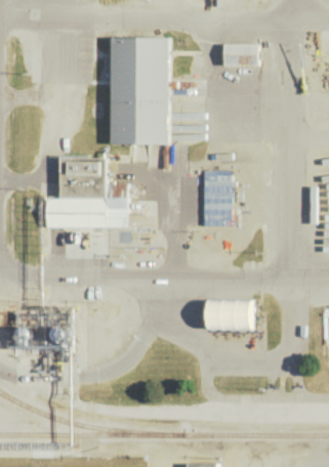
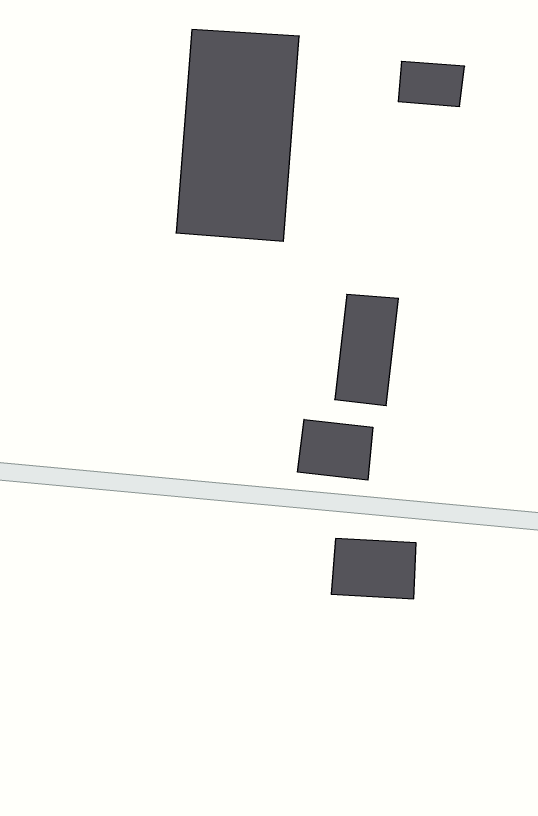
building: [46,158,128,228] -> none
building: none -> [298,419,373,480]

